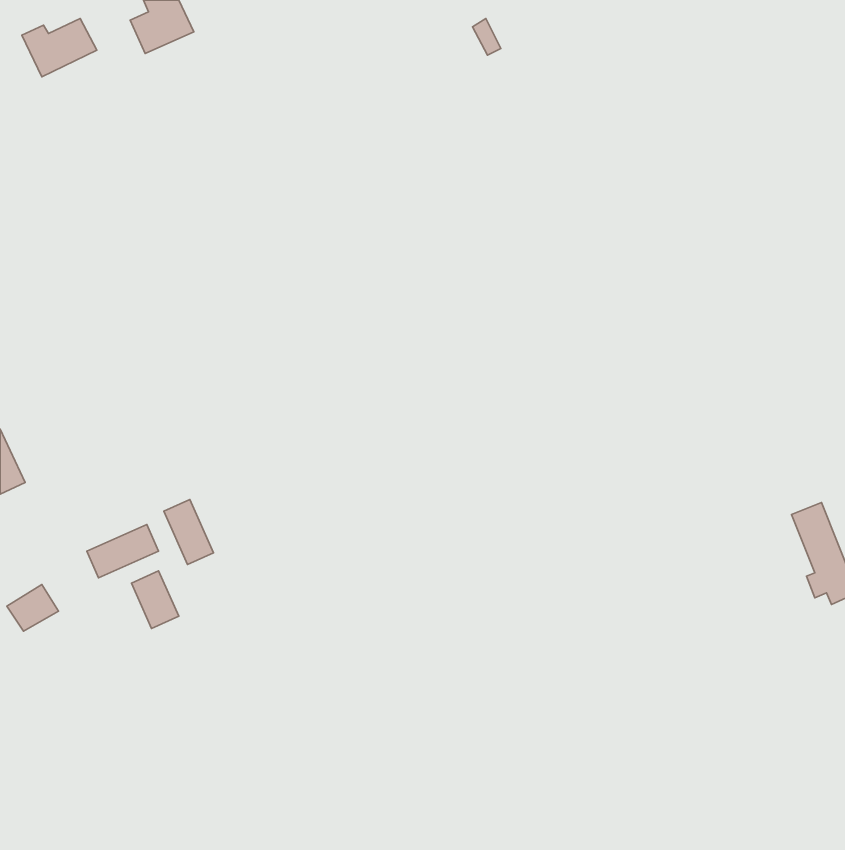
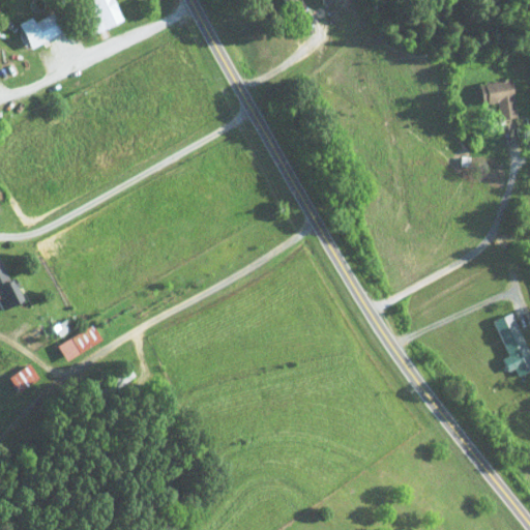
building: none -> [480,79,519,120]
building: [164,499,214,564] -> none
building: [131,571,179,629] -> none

